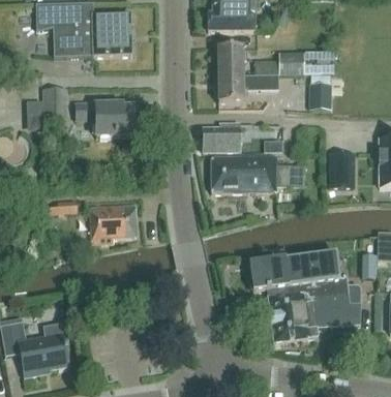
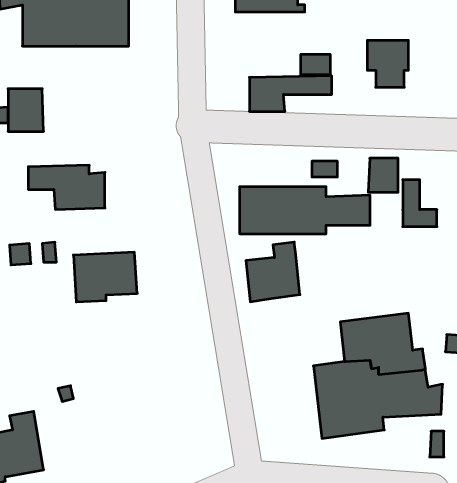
building: [218,49,243,77] -> none
building: [279,53,304,74] -> none
building: [309,86,331,111] -> [368,158,398,192]
building: [77,103,132,135] -> [28,165,105,209]
building: [205,124,238,152] -> none
building: [248,247,288,291] -> [246,242,300,302]

